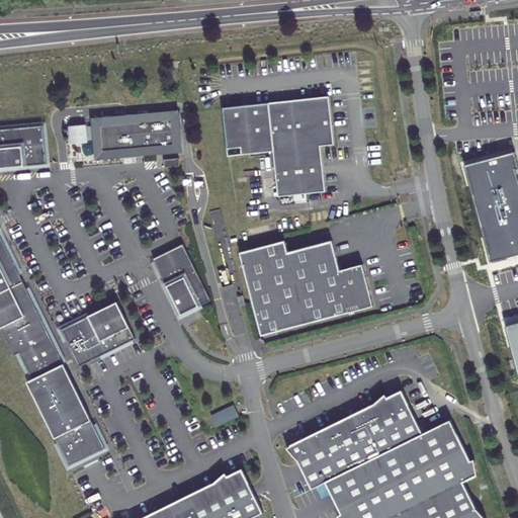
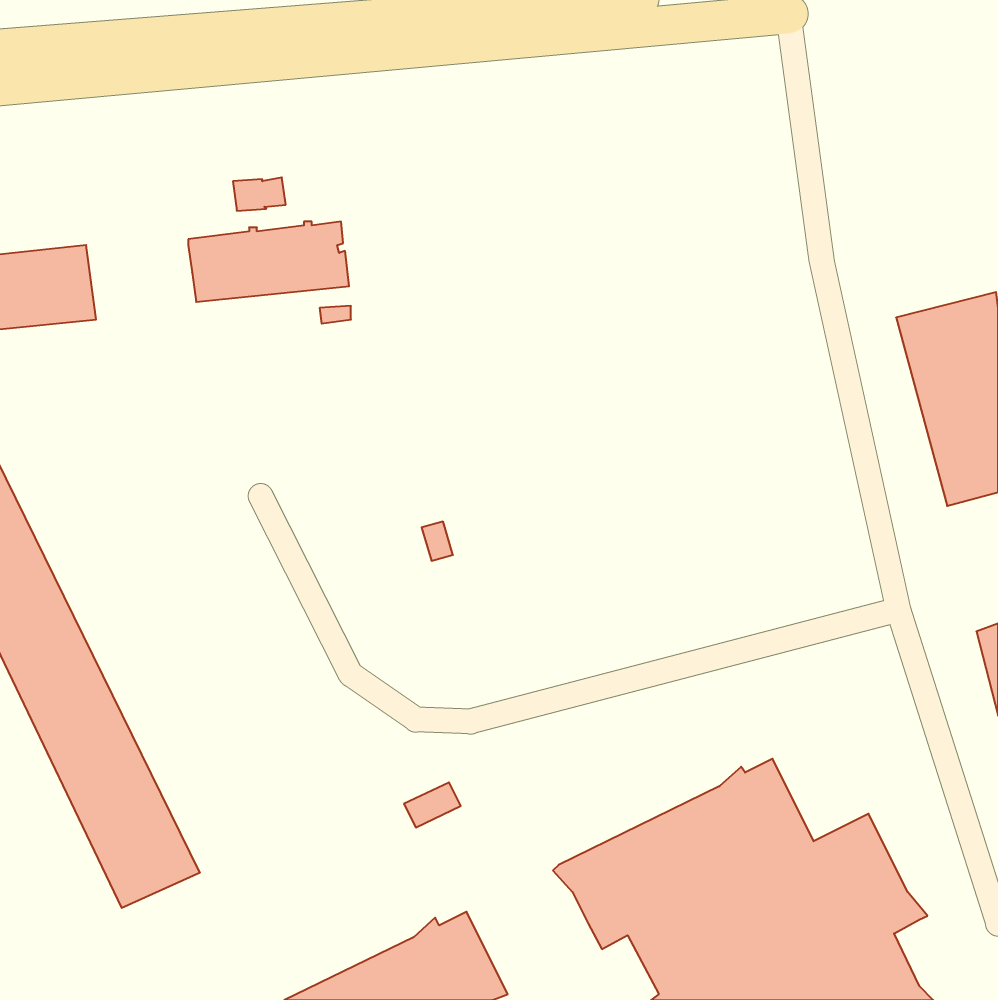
building: [224,96,336,202] -> none
building: [72,126,99,144] -> [233,177,286,211]
building: [149,242,208,314] -> none
building: [240,242,373,337] -> none
building: [57,300,132,365] -> none

